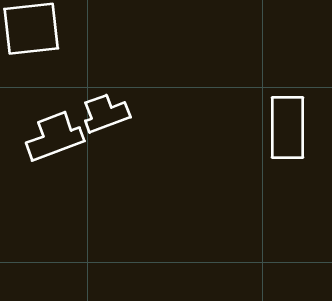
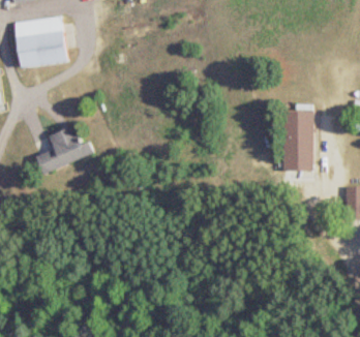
building: [85,95,131,133] -> none

